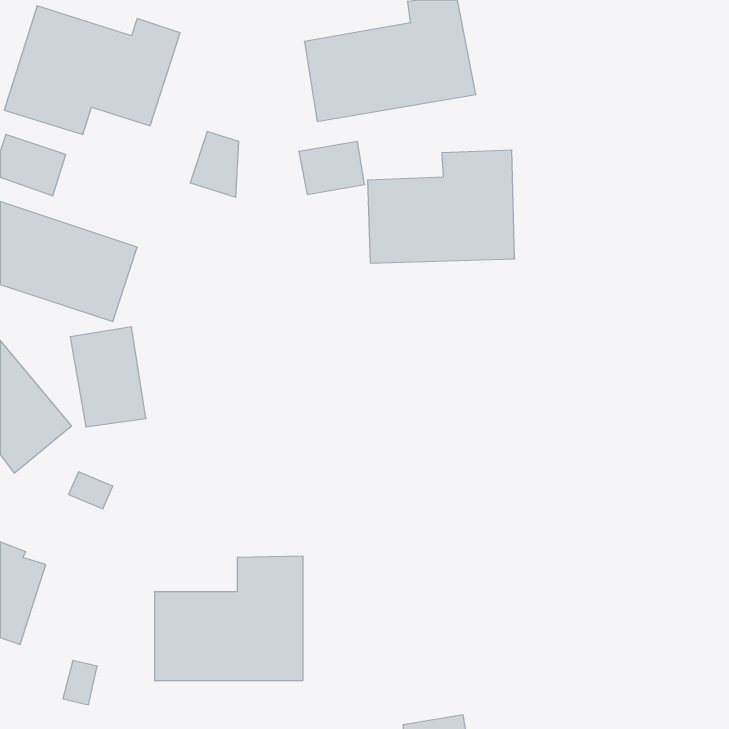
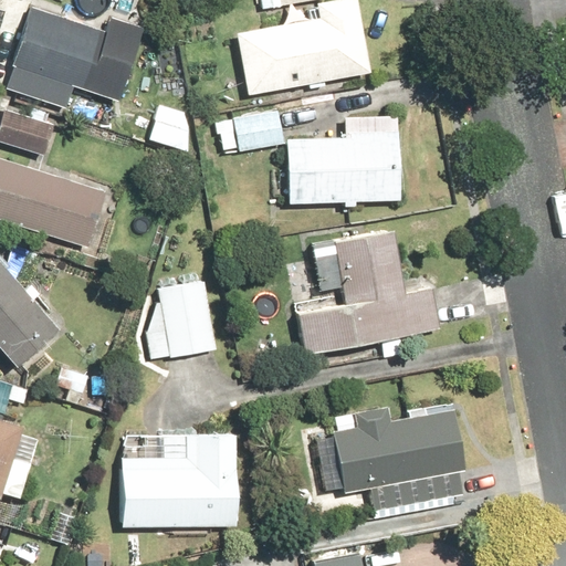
building: none -> [294,229,441,356]
building: [70,327,146,427] -> [156,282,214,359]
building: none -> [332,406,464,518]

